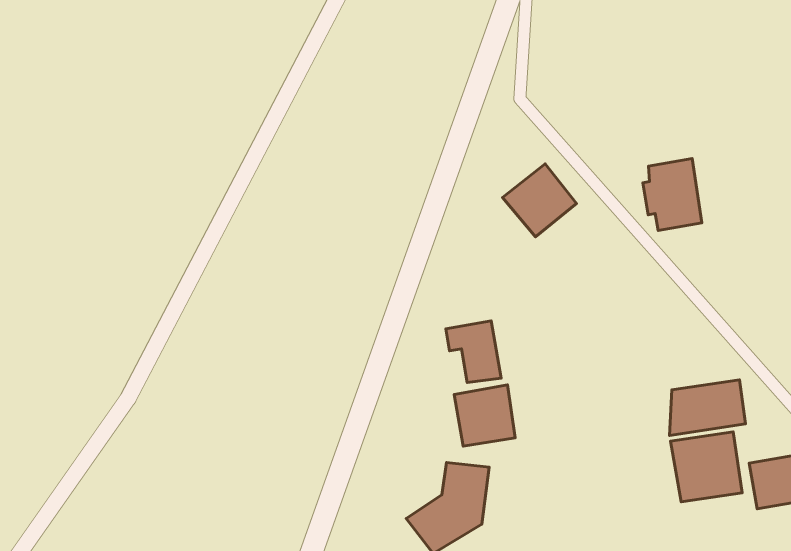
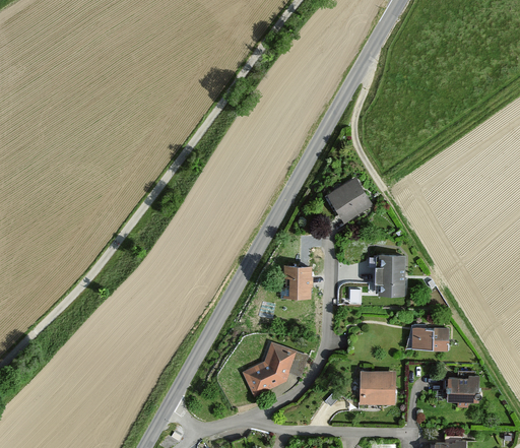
building: [643,158,702,231] -> [375,255,406,294]
building: [454,385,515,446] -> none
building: [670,432,742,502] -> [358,368,395,405]

